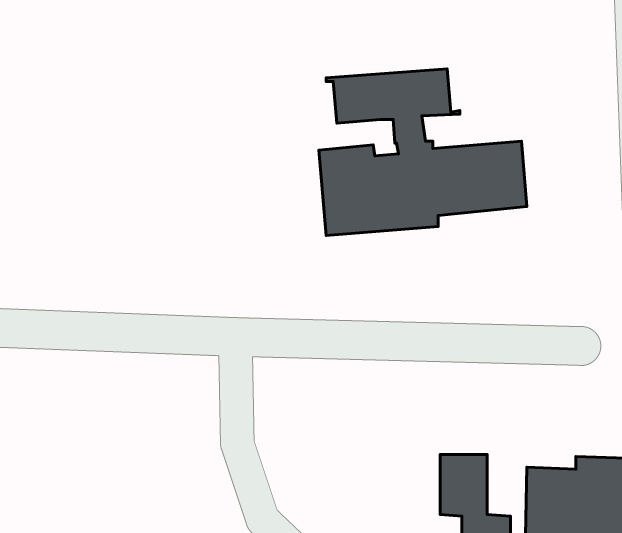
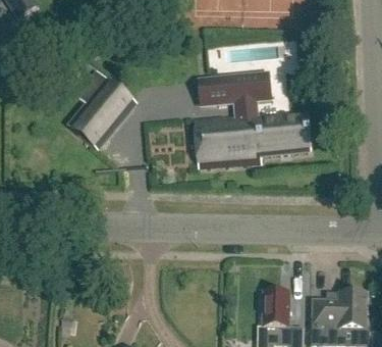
building: none -> [70,71,133,147]

